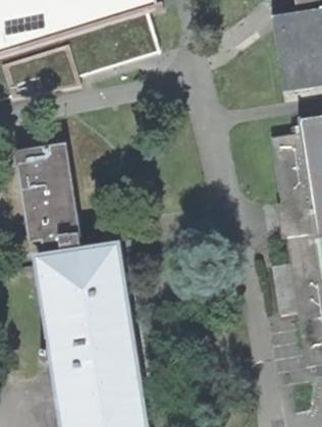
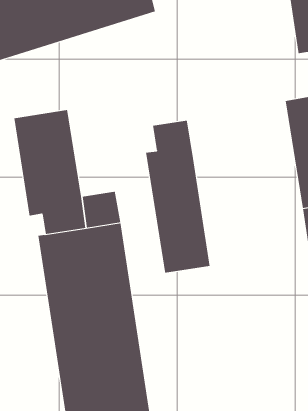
building: none -> [146,120,210,273]

